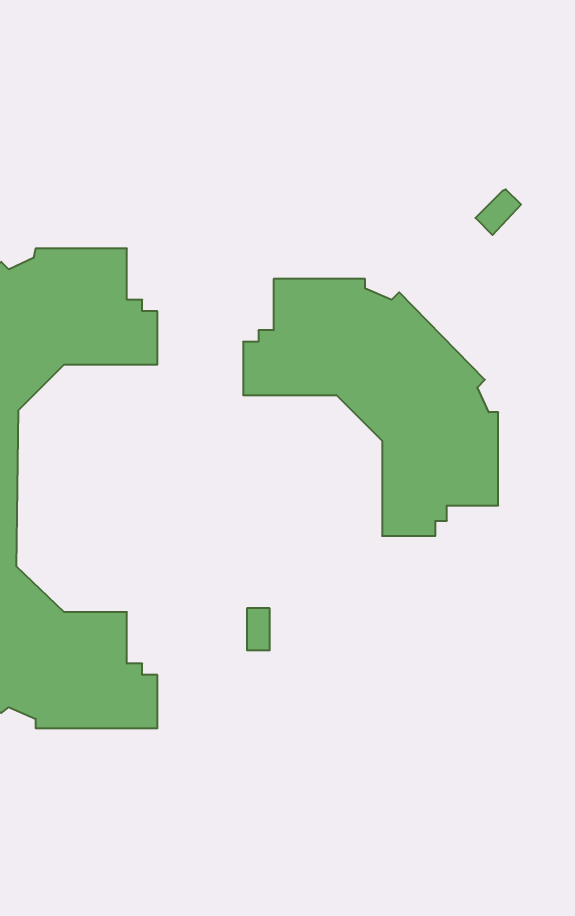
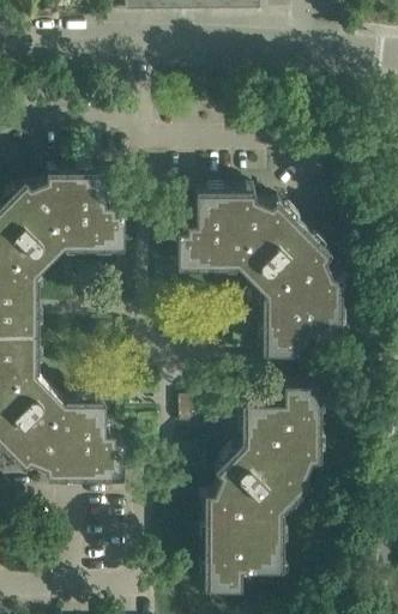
building: none -> [209,386,319,591]

